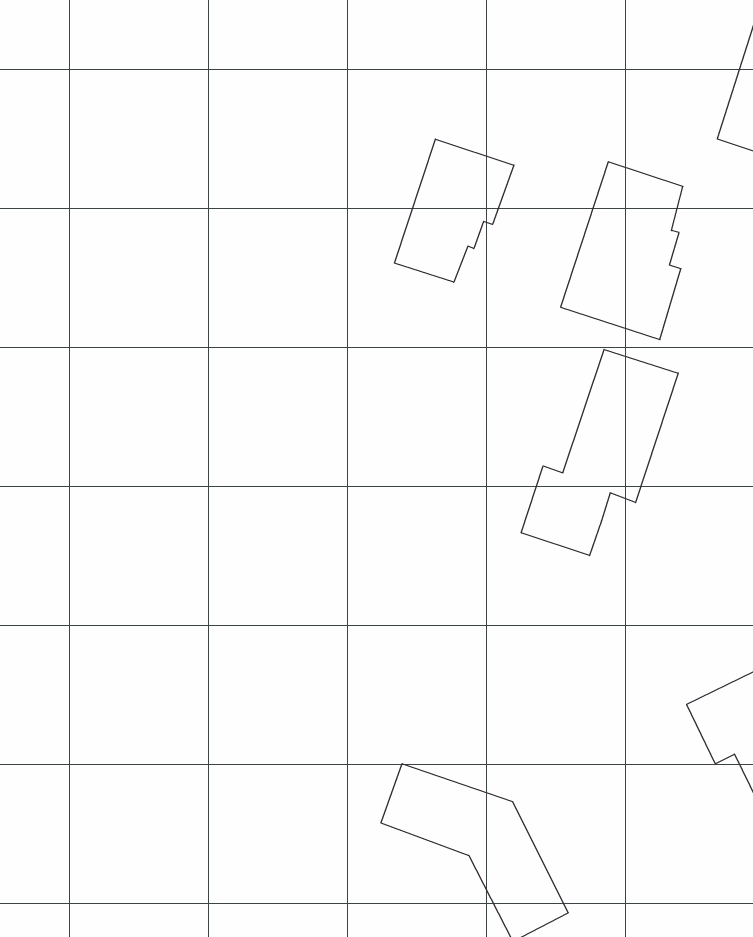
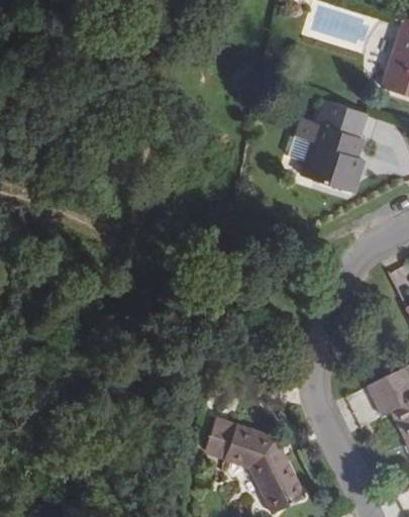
building: [395,139,514,282] -> none
building: [521,349,678,556] -> none

